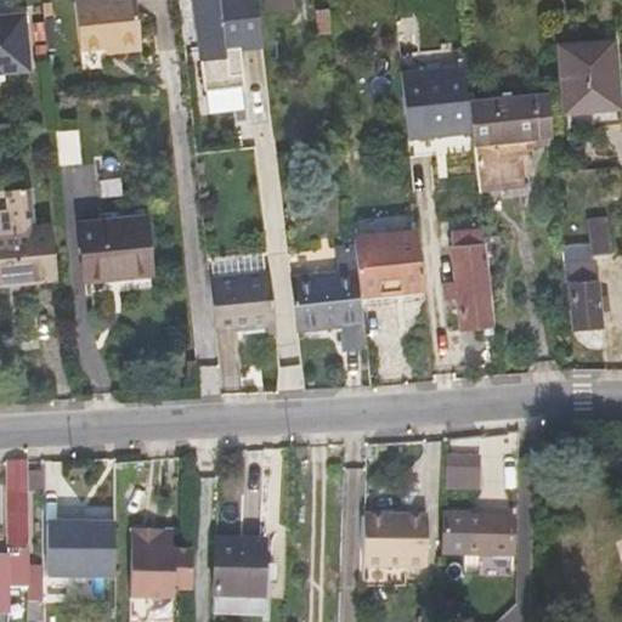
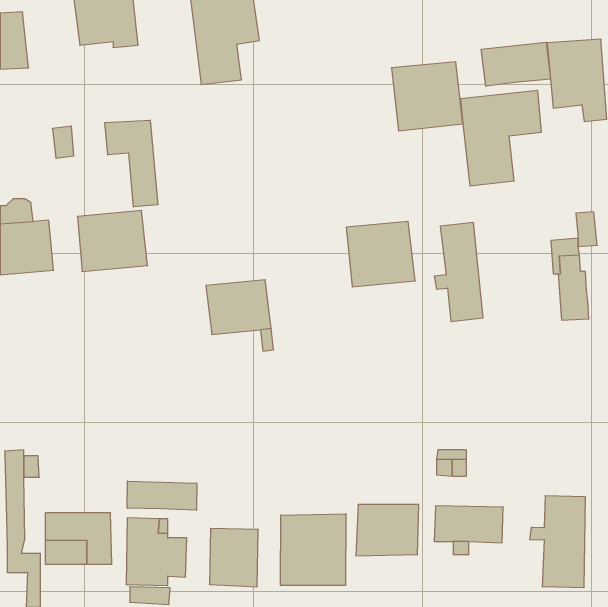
building: none -> [481,42,551,86]
building: none -> [105,120,158,207]
building: [292,268,366,349] -> none
building: none -> [127,481,197,510]
building: none -> [530,496,585,588]
building: none -> [280,514,346,585]

